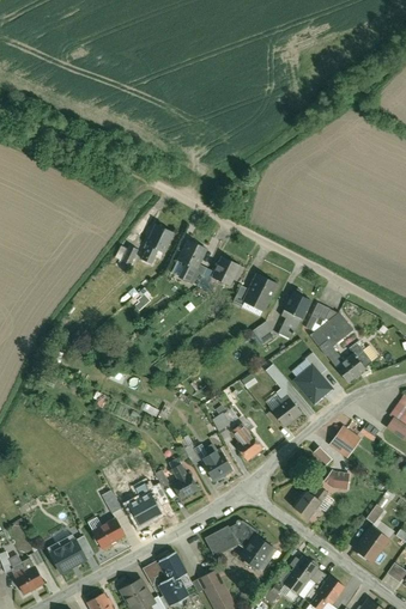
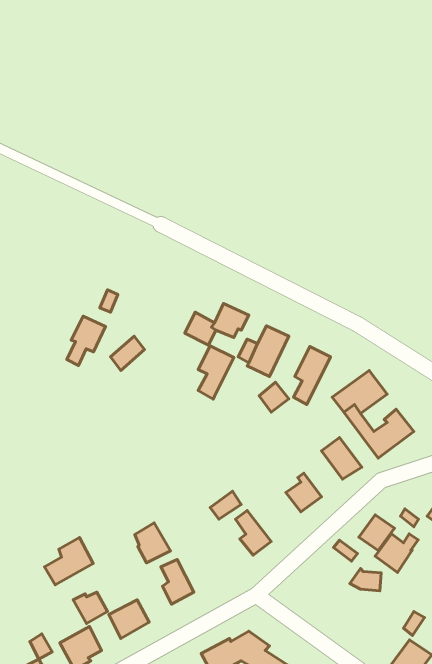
building: [141,224,172,263] -> [67,316,105,365]
building: [177,240,206,284] -> [198,346,234,399]
building: none -> [44,537,93,585]
building: [201,447,230,480] -> [135,523,170,563]
building: [291,489,326,520] -> [375,534,418,572]

